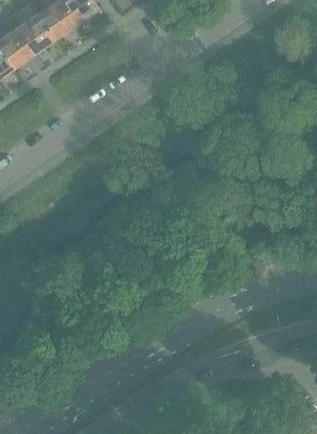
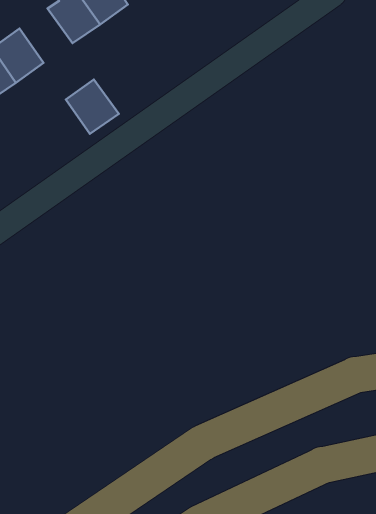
building: [17,12,57,53] -> [66,80,119,134]

